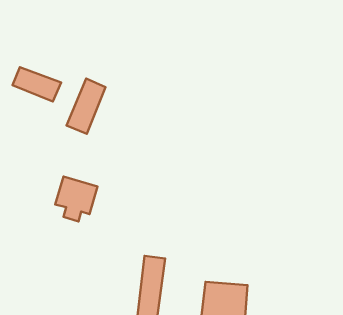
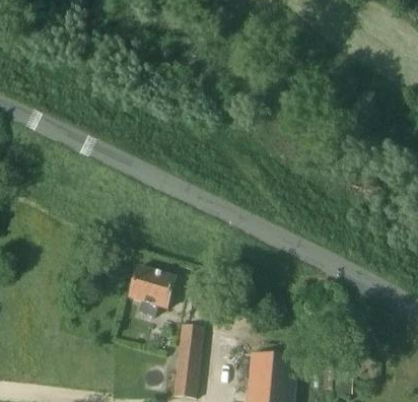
building: [66,79,106,134] -> none
building: [55,177,97,221] -> [128,266,176,317]

